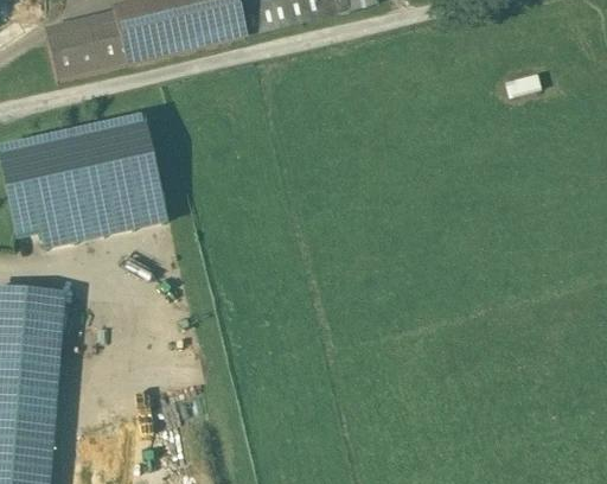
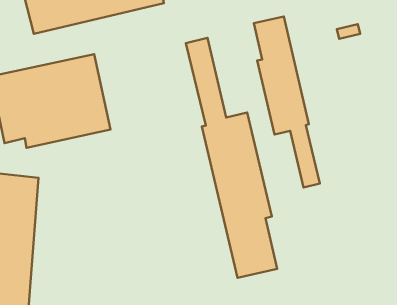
building: none -> [254,17,320,188]
building: none -> [186,38,277,278]

